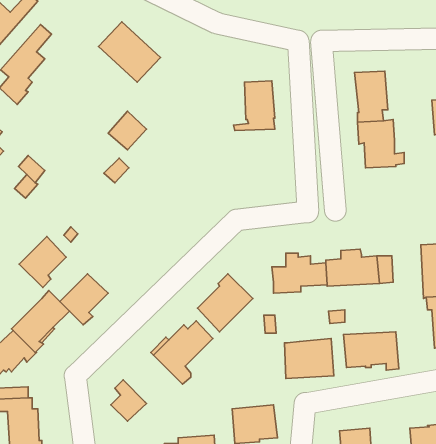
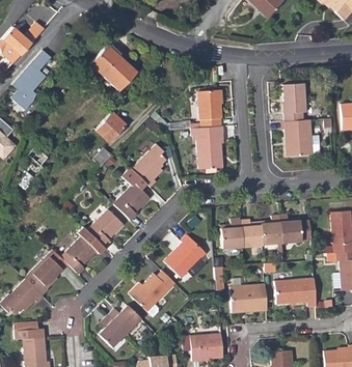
building: none -> [191,124,224,168]
building: none -> [131,142,166,187]
building: none -> [113,181,148,220]
building: [19,236,66,287] -> [87,207,123,246]
building: none -> [108,304,139,331]

